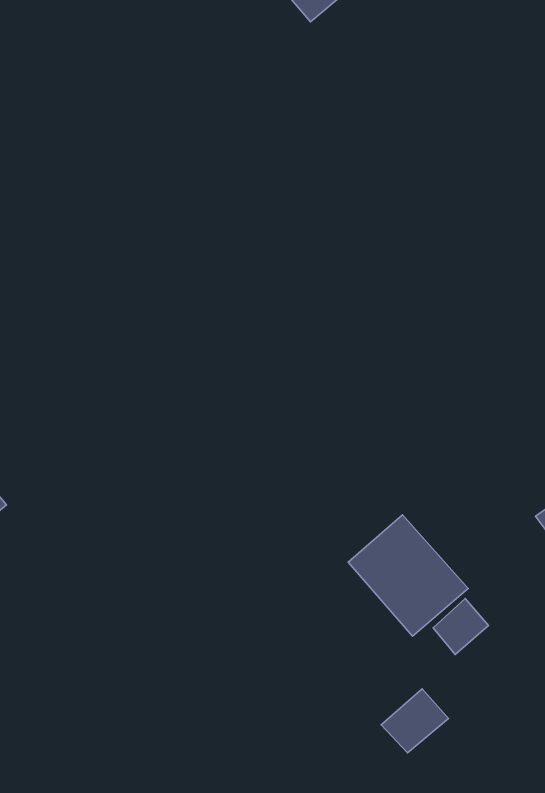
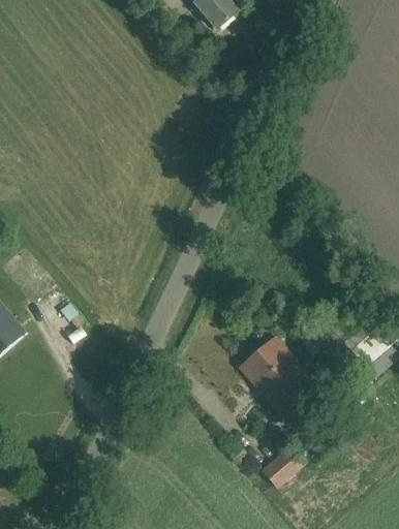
building: [433,598,489,655] -> none

